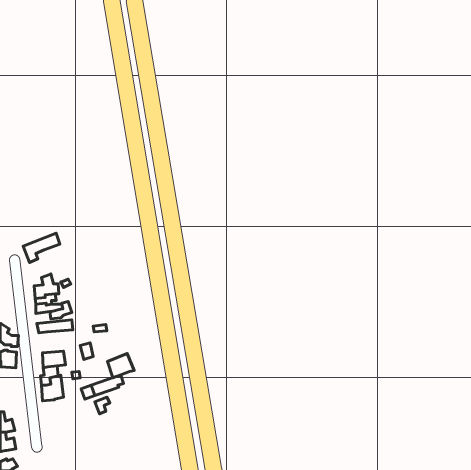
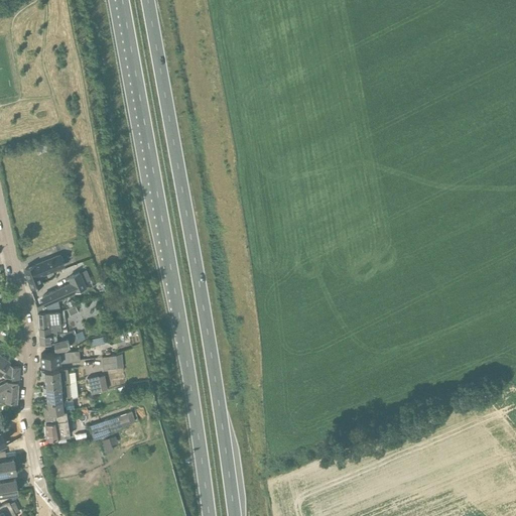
building: none -> [42,273,87,304]
building: none -> [44,369,70,387]
building: [107,354,134,378] -> none

